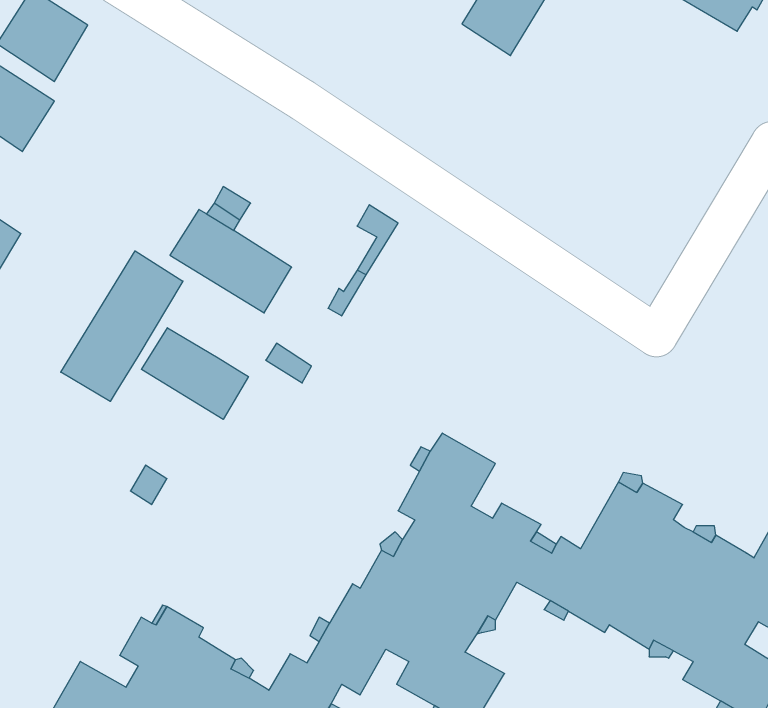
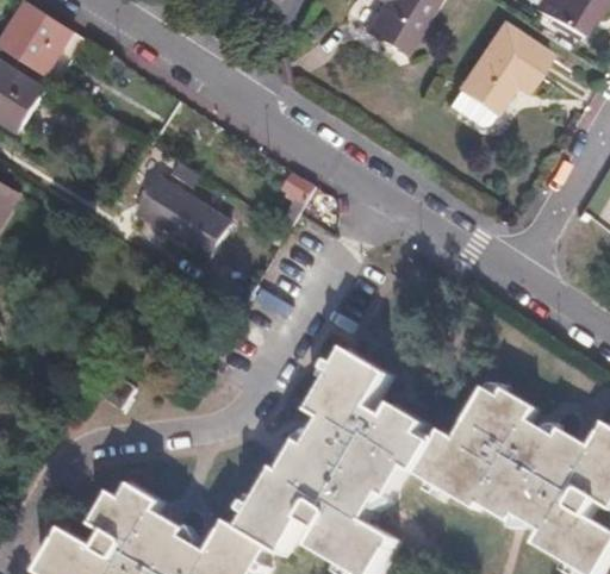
building: none -> [443,20,549,125]
building: [61,251,183,401] -> none
building: [141,328,248,419] -> none

